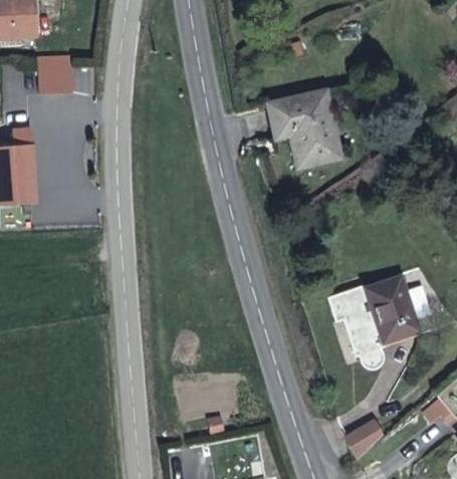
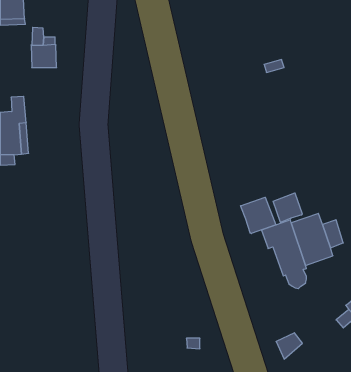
building: [267,89,340,167] -> none
building: none -> [273,193,302,222]
building: none -> [241,197,276,234]

